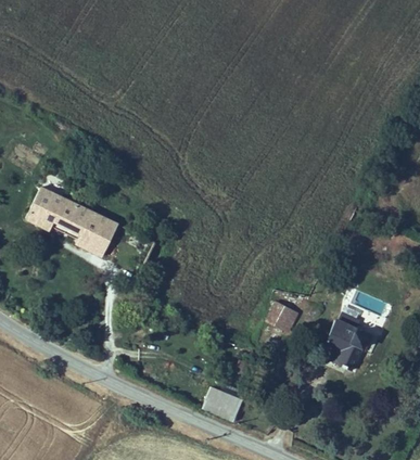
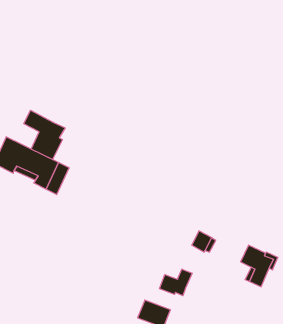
building: none -> [24,110,65,160]
building: none -> [159,269,192,296]

